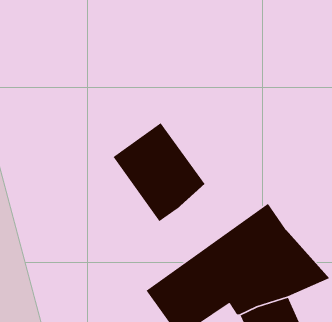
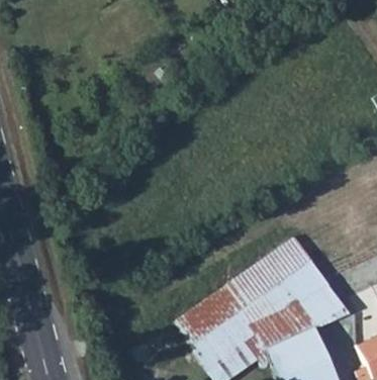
building: [113,122,205,222] -> none

